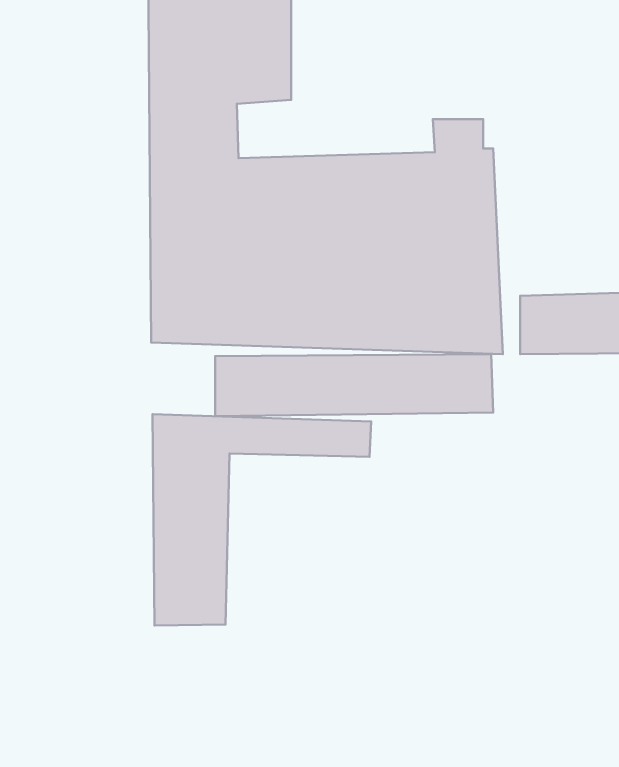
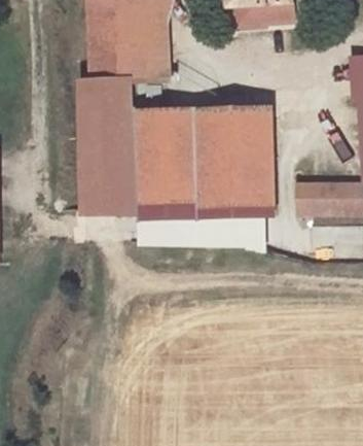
building: [153,414,371,625] -> none

